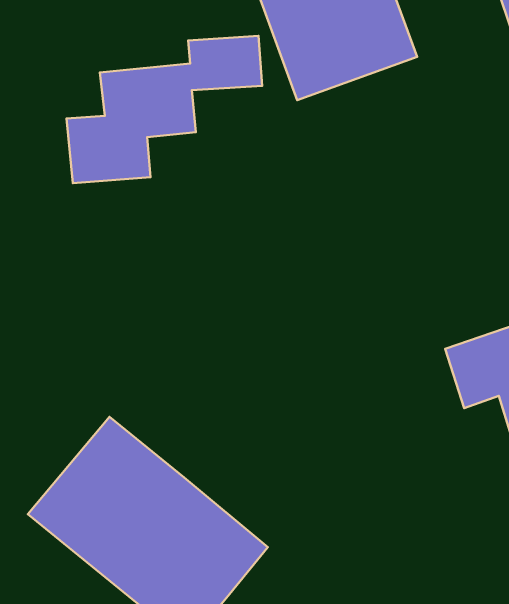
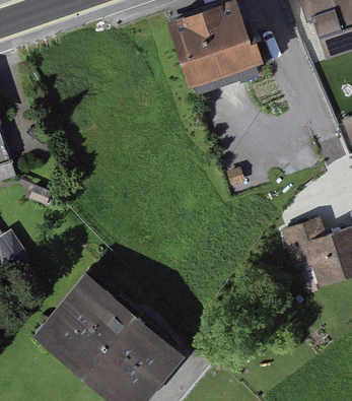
building: [67,36,262,183] -> none

